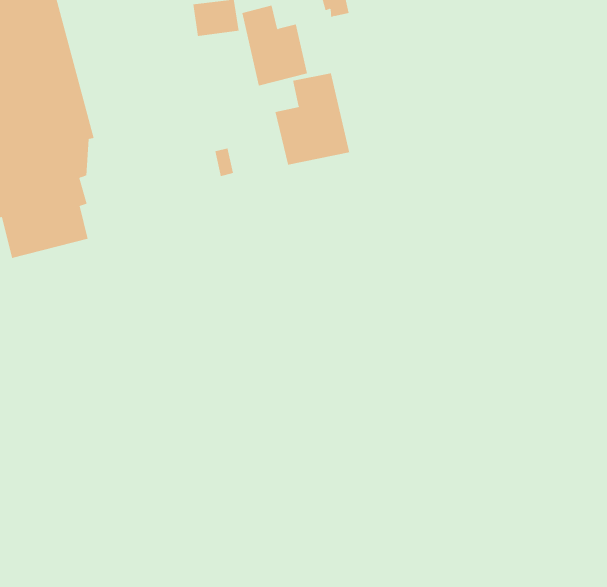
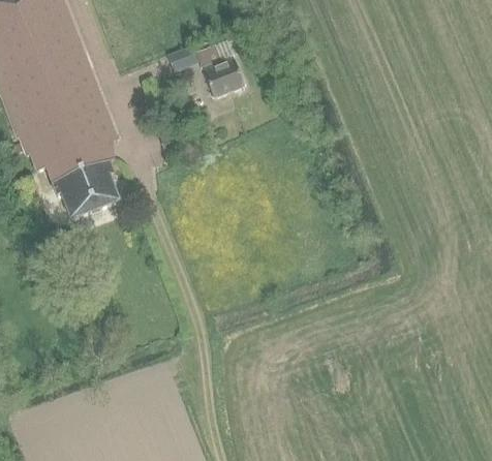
building: [275,72,350,166] -> none

